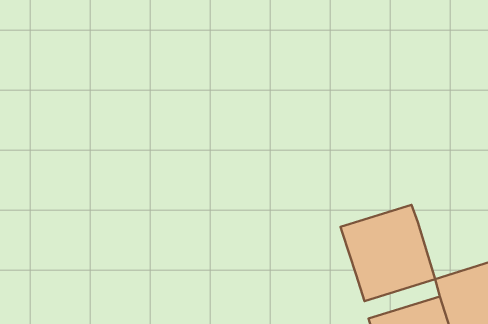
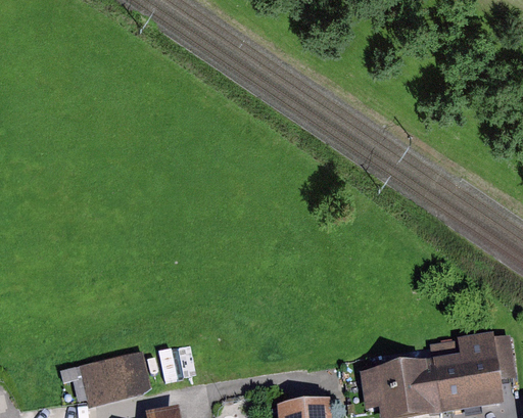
building: [341,205,435,301] -> none

